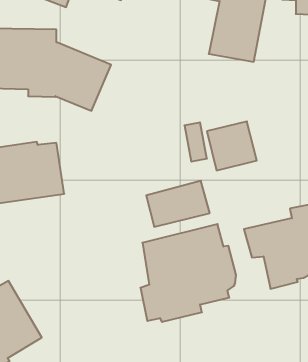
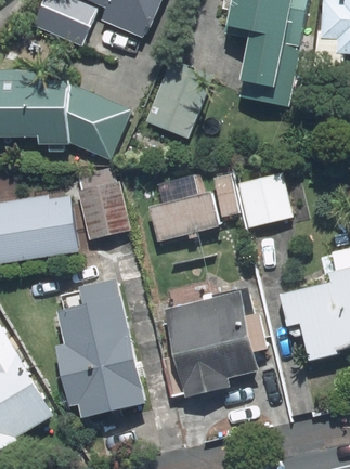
building: none -> [144,58,211,138]
building: none -> [77,181,129,238]
building: [146,181,210,227] -> [148,191,219,242]
building: none -> [55,294,145,414]

